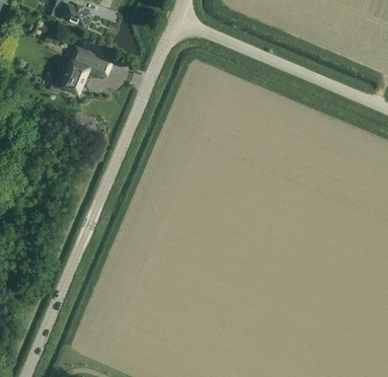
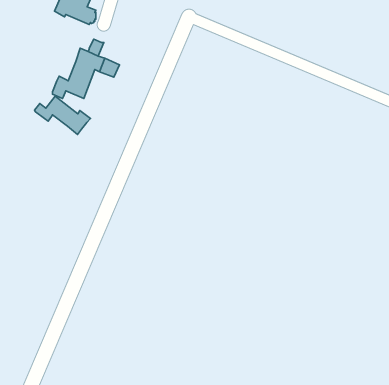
building: none -> [34,96,91,134]

